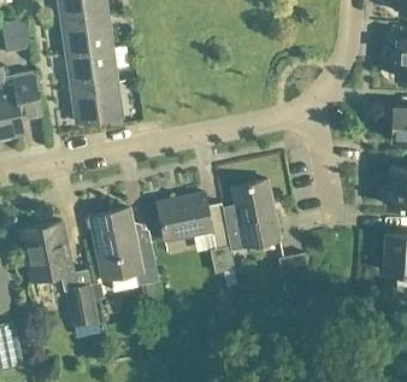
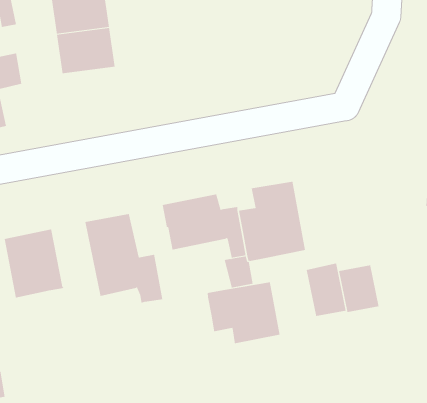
building: [71,84,122,124] -> none
building: none -> [338,264,379,313]
building: none -> [207,281,280,344]
building: [60,269,98,327] -> none

